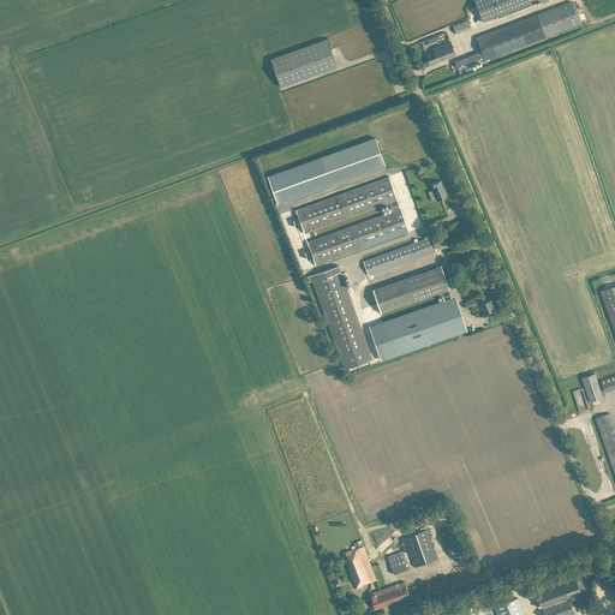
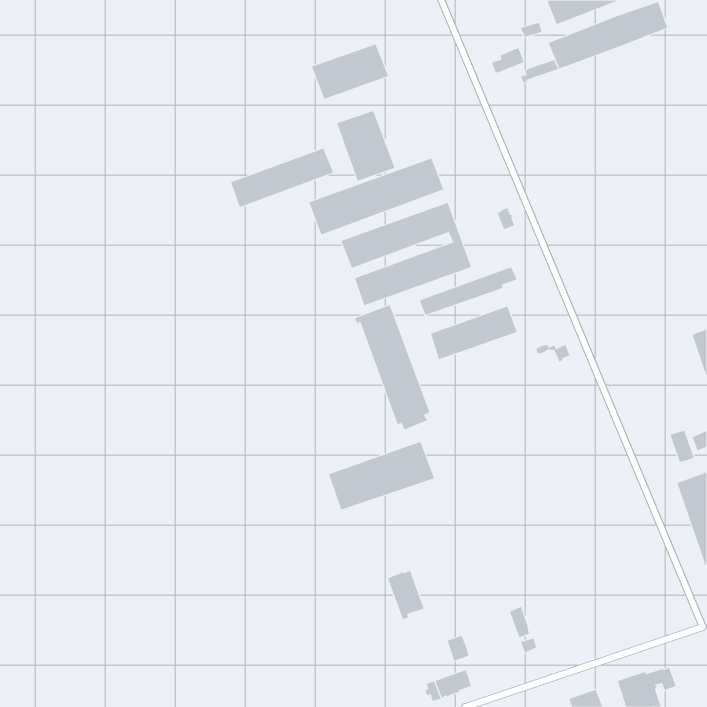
building: none -> [336,110,395,181]
building: none -> [230,148,334,208]
building: [371,297,464,357] -> [328,441,435,510]
building: [400,529,437,567] -> none
building: [344,545,376,589] -> [387,570,424,620]

